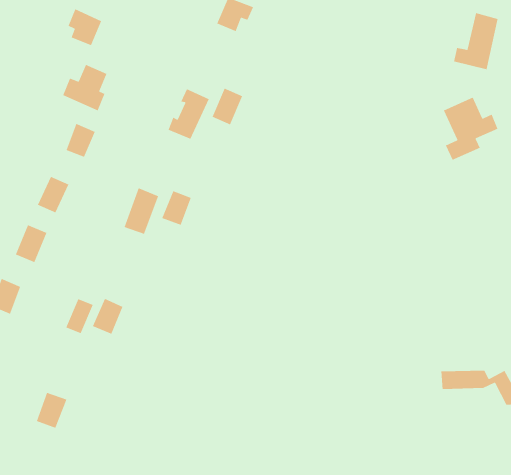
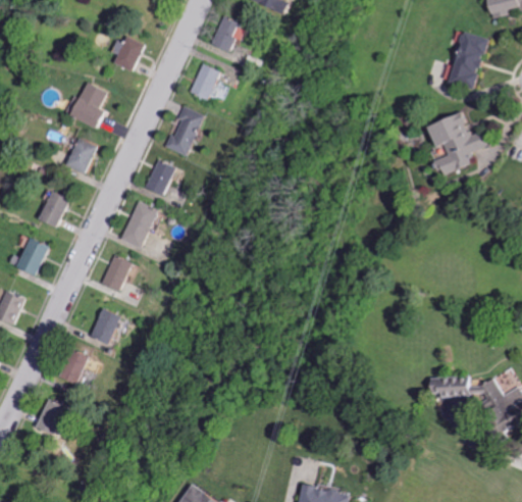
building: [67,8,102,46] -> [110,35,144,71]
building: [211,88,243,125] -> [191,63,221,100]
building: [161,190,192,226] -> [146,160,175,195]
building: none -> [102,255,132,292]
building: [65,298,94,334] -> [62,350,90,385]

